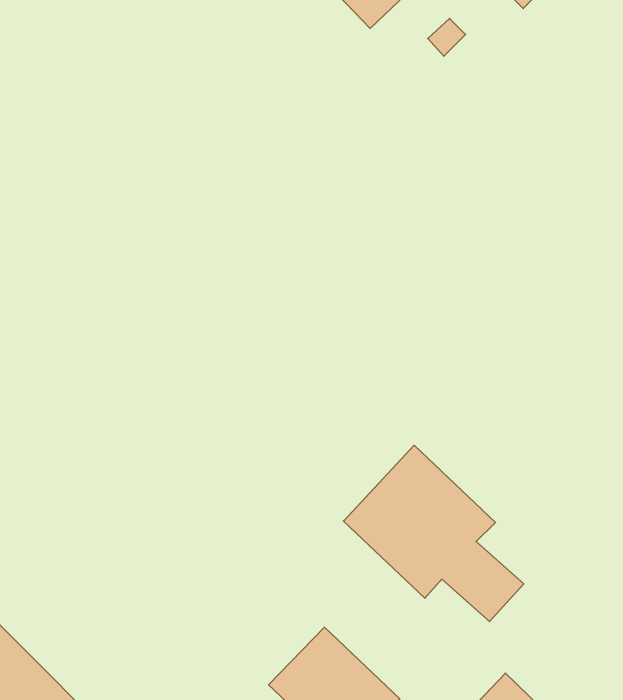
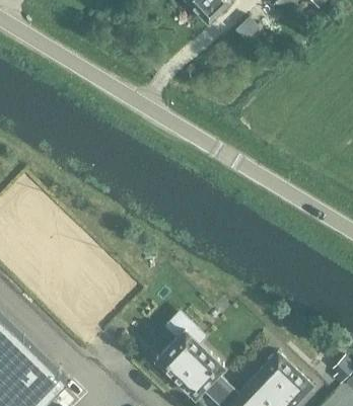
building: [343,445,524,622] -> none

